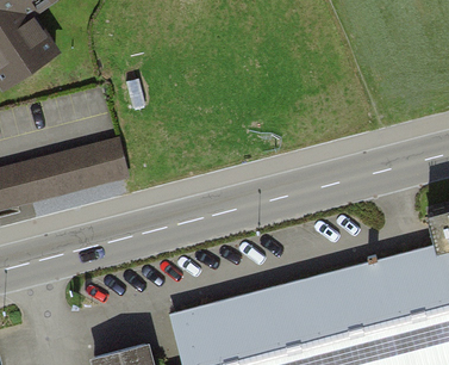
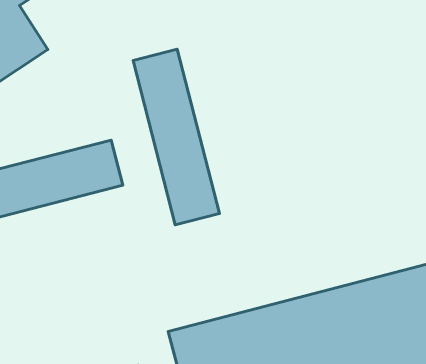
building: none -> [133,49,219,225]

